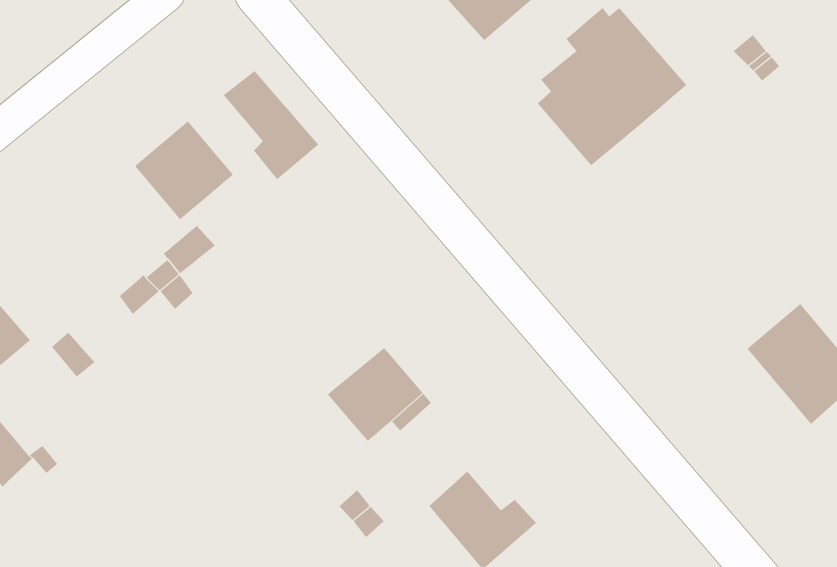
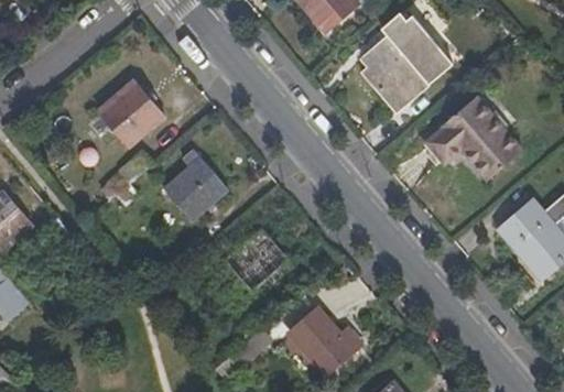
building: [223,70,319,180] -> none
building: none -> [425,95,521,182]
building: none -> [163,157,226,220]

